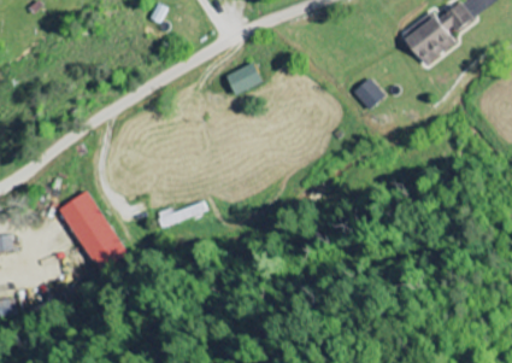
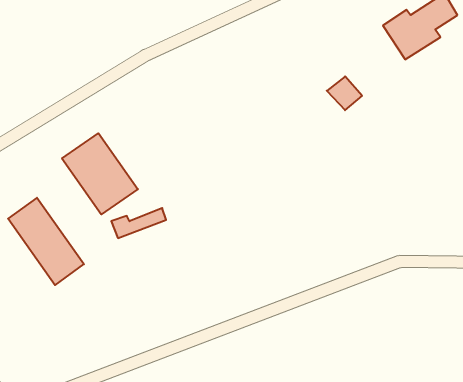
building: [229,62,265,94] -> none
building: none -> [62,133,138,214]

